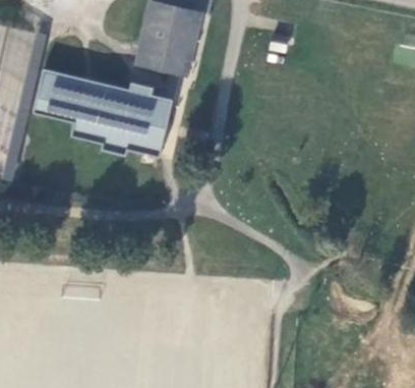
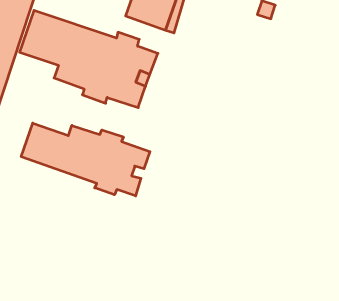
building: none -> [21,123,150,196]

